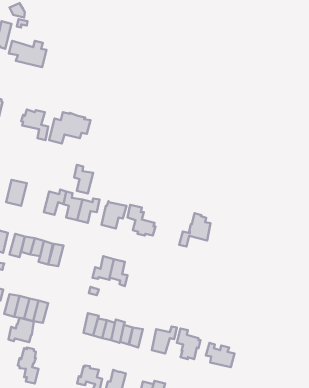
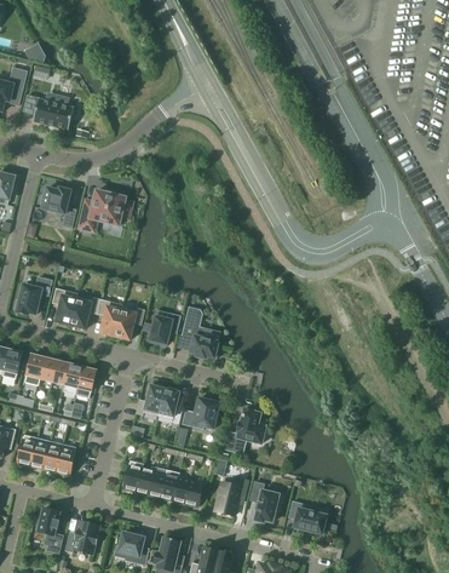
building: [74,165,93,194] -> [51,286,76,325]
building: [179,213,211,247] -> [223,407,265,452]
building: none -> [191,397,219,430]
building: [9,318,34,342] -> [64,521,98,554]

